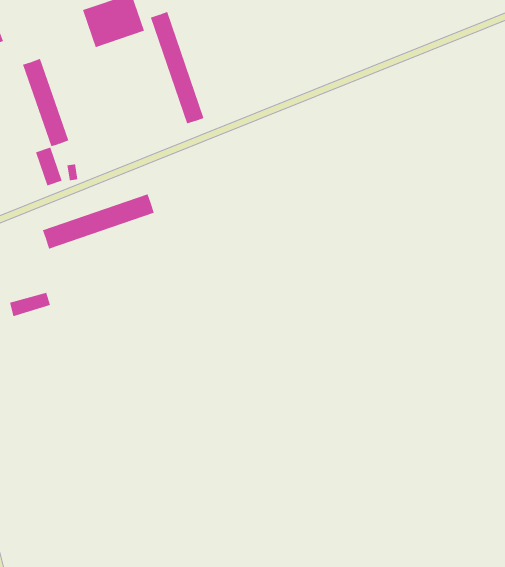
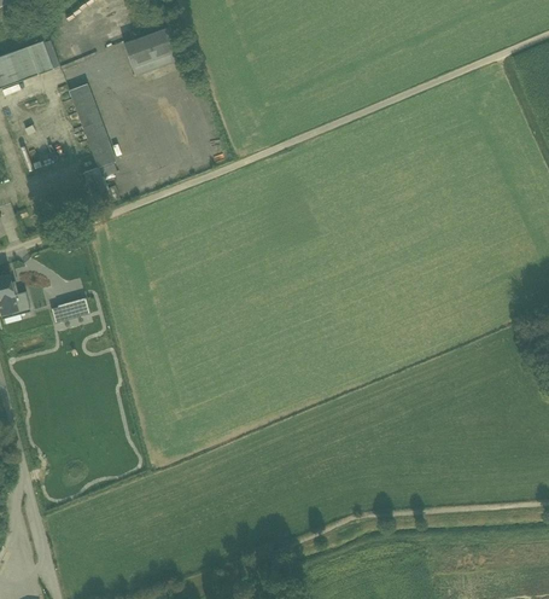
building: [150,11,204,124] -> none
building: [42,193,154,250] -> none

